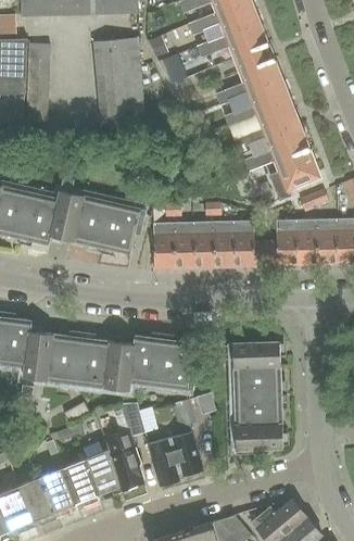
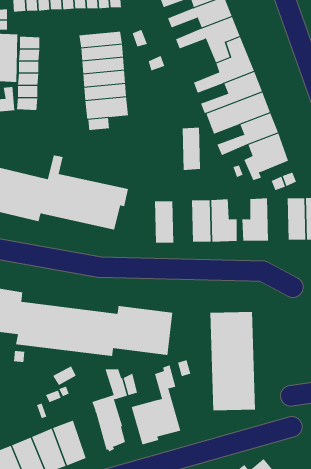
building: [295,218,317,265] -> none
building: [193,221,214,267] -> [182,127,201,170]
building: [153,222,174,268] -> none
building: [86,449,121,500] -> none

